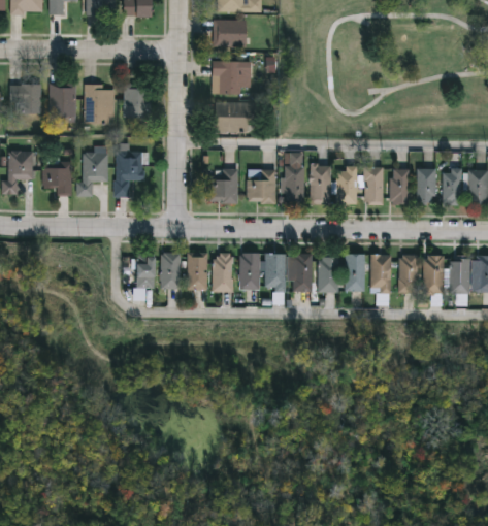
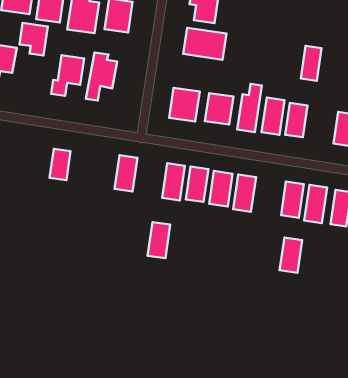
building: [43,163,71,195] -> [19,23,48,56]
building: [364,168,382,204] -> [301,46,321,81]
building: [187,253,206,290] -> [148,222,170,258]
building: [135,256,154,288] -> [50,149,71,180]
building: [319,256,338,292] -> [280,237,302,273]

